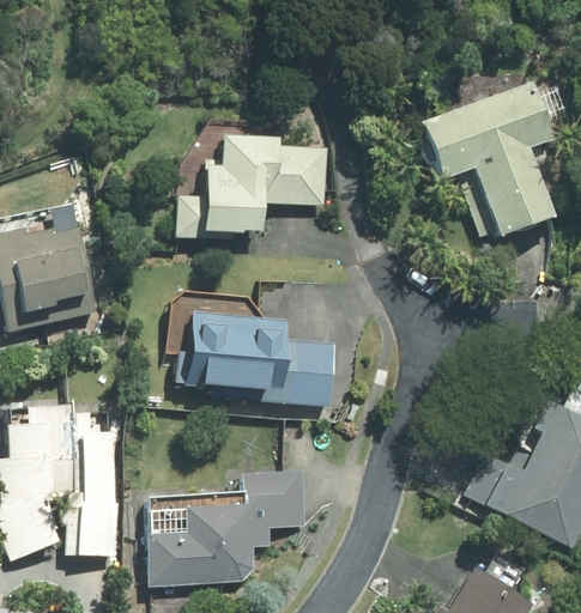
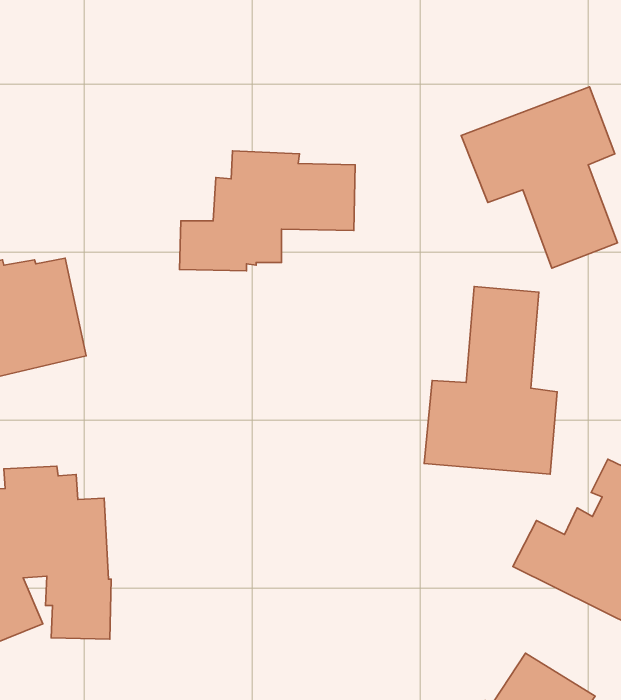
building: none -> [424,286,557,474]
building: [176,314,337,406] -> none
building: [145,472,308,588] -> none

